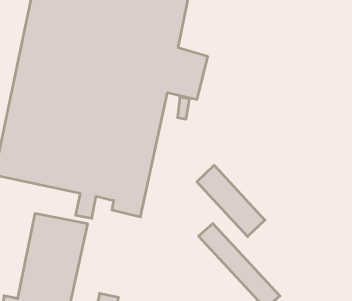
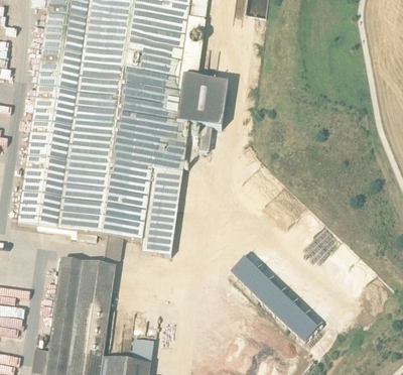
building: [197,165,265,237] -> none

